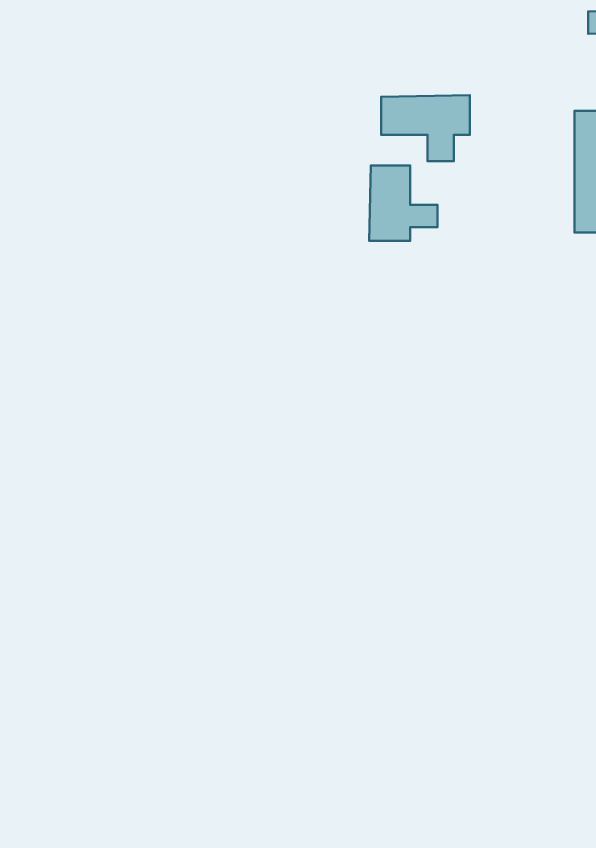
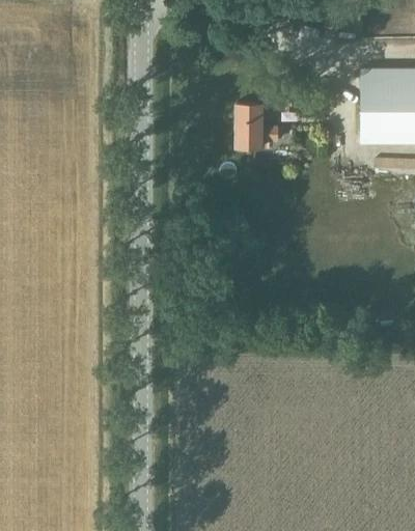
building: [381,95,470,161] -> none

